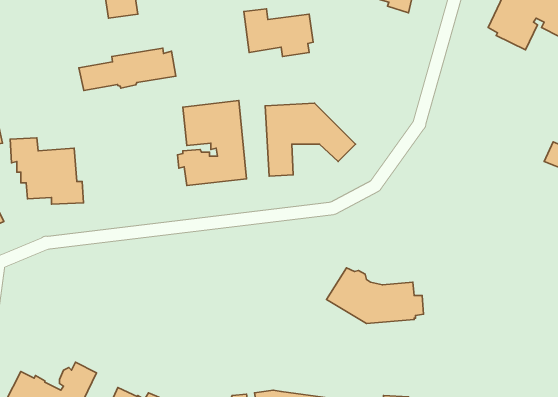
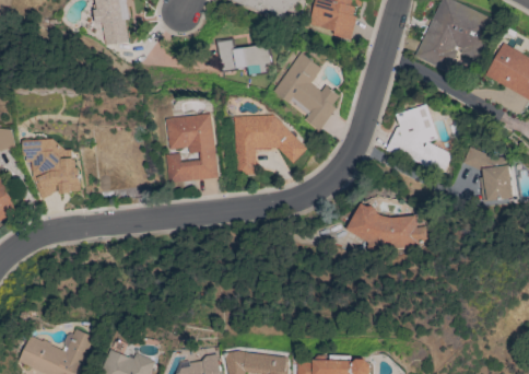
building: none -> [272,52,339,130]
building: [79,48,176,91] -> none
building: none -> [385,104,451,172]
building: [327,268,424,323] -> [344,203,424,249]

